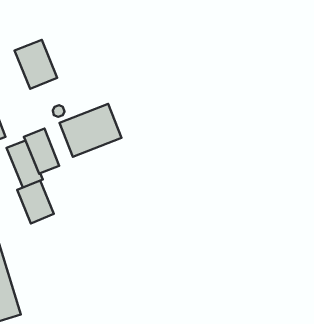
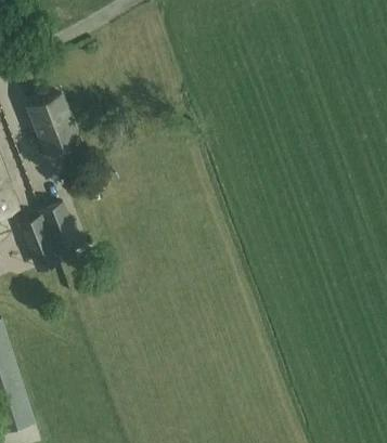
building: [59,104,121,157] -> none
building: [17,180,54,223] -> none

